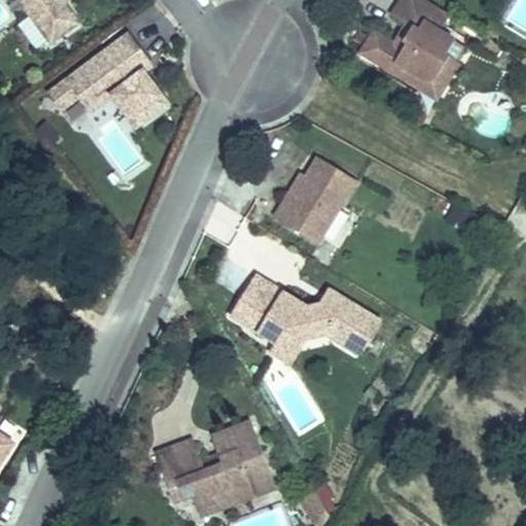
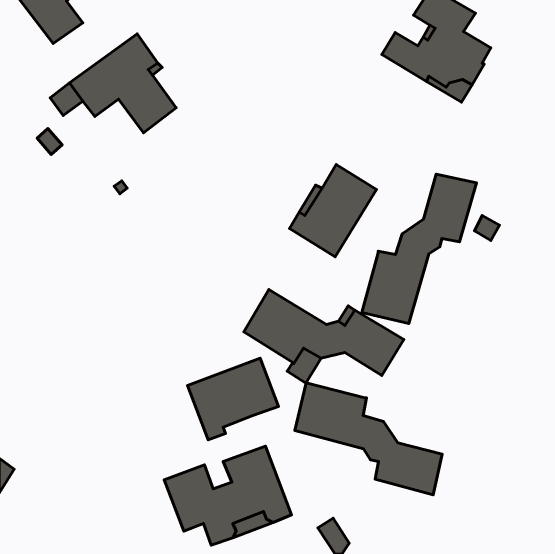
building: none -> [362,174,476,323]
building: none -> [187,358,278,440]
building: none -> [295,383,442,495]

